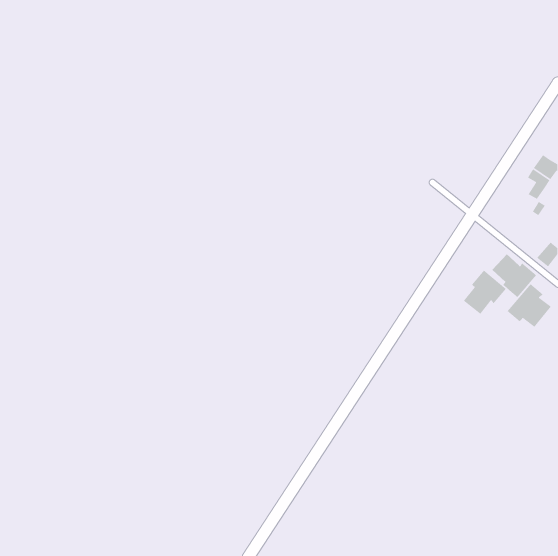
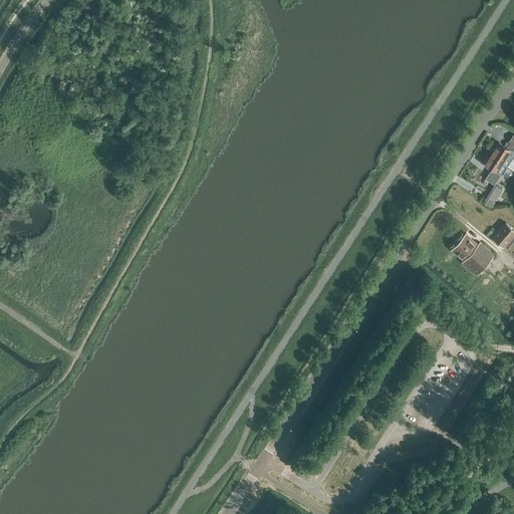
building: [463,269,507,315] -> none
building: [507,283,552,328] -> none

